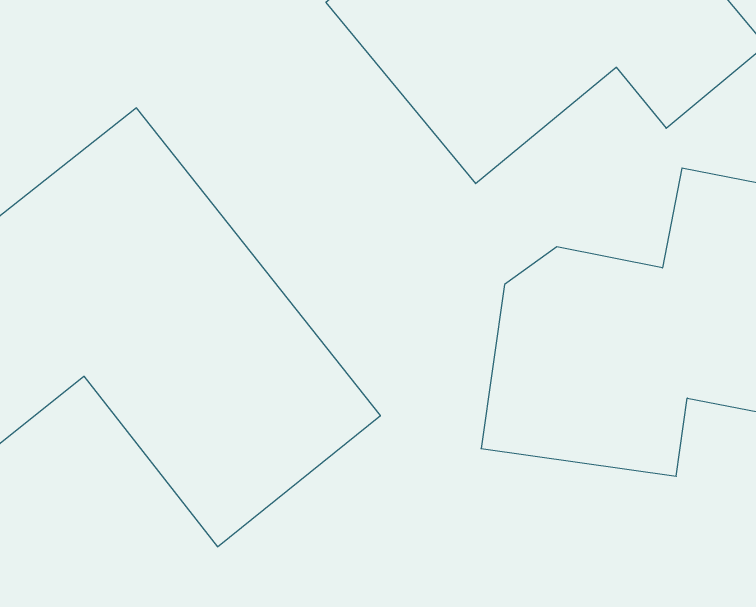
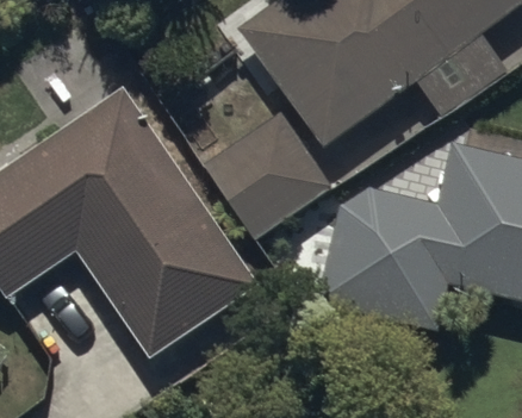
building: none -> [203,111,331,239]

